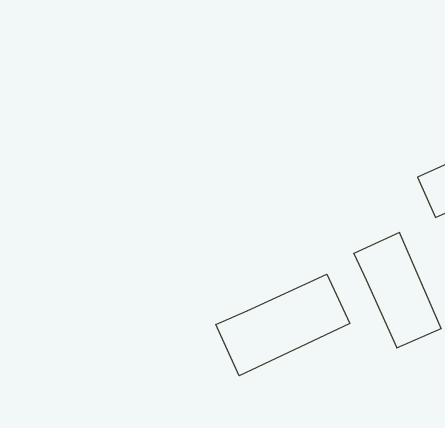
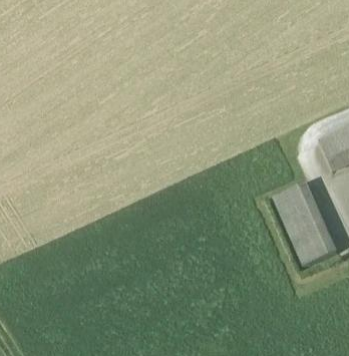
building: [216,274,350,376] -> none

